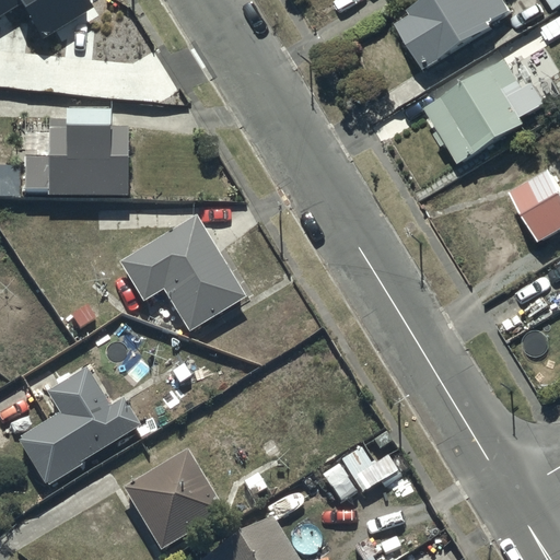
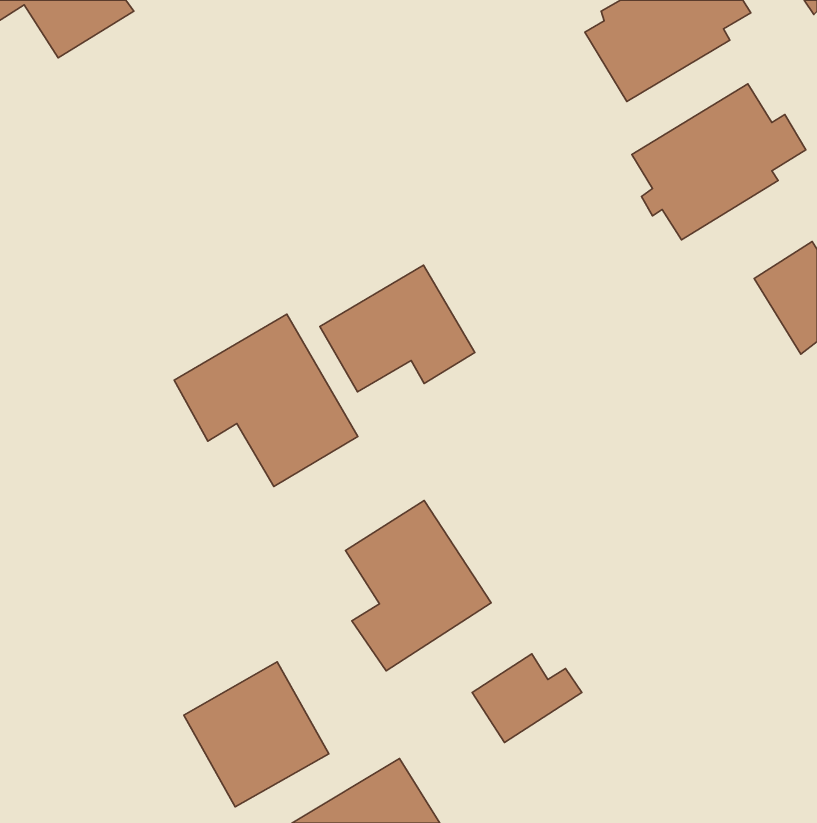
building: [25,108,127,192] -> none
building: none -> [320,265,475,392]
building: none -> [345,500,491,671]
building: [15,370,139,486] -> none

